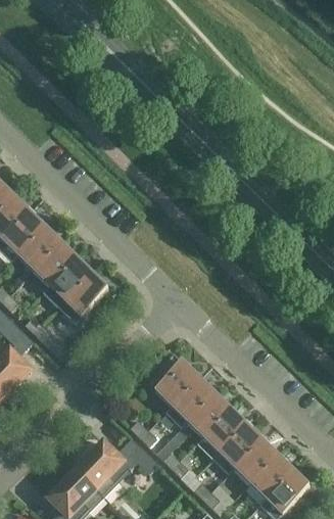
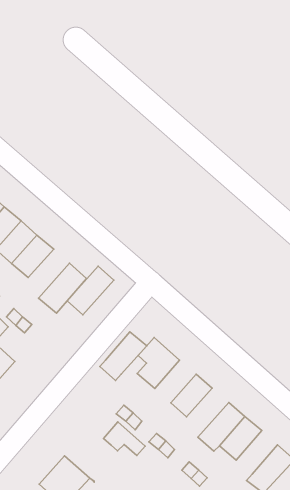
building: [43,257,92,306] -> [67,266,114,315]
building: [165,378,214,427] -> [100,332,147,381]
building: [197,409,246,458] -> none
building: [76,441,130,497] -> none
building: [250,455,293,499] -> none

